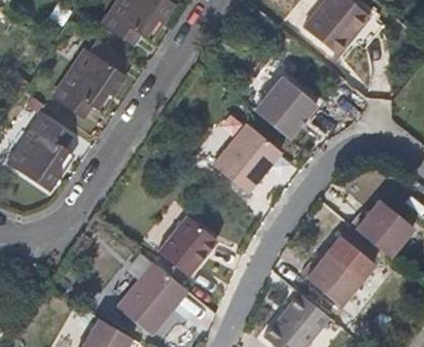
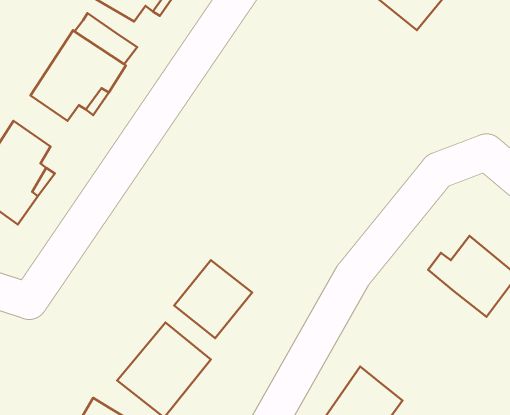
building: [255,71,318,135] -> none
building: [212,124,281,194] -> none
building: [298,237,370,307] -> none

